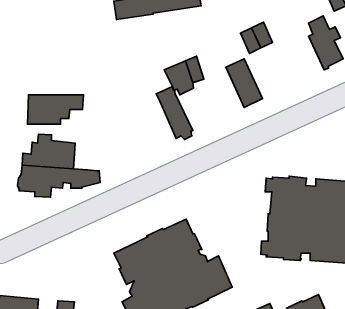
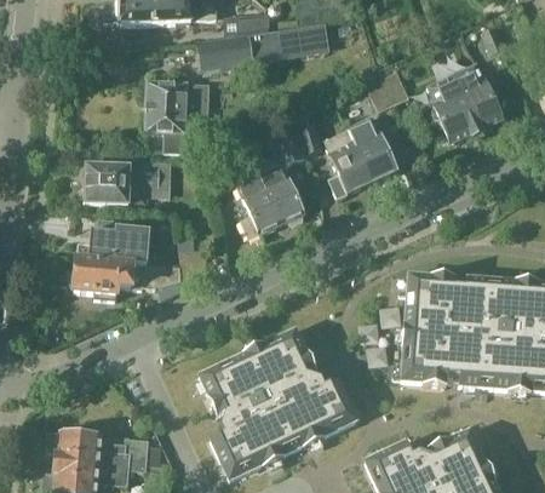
building: none -> [426,71,478,143]
building: none -> [147,81,211,151]
building: none -> [325,130,373,199]
building: none -> [230,156,283,237]

